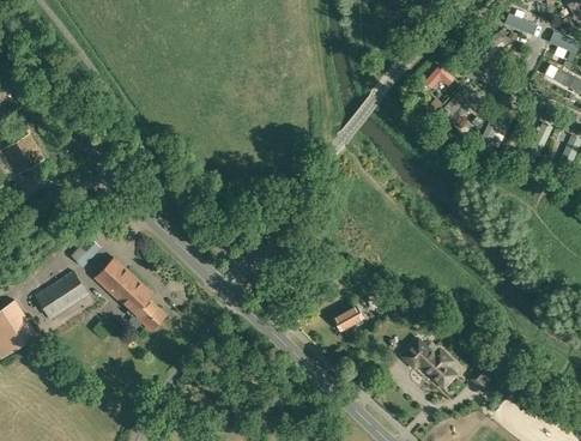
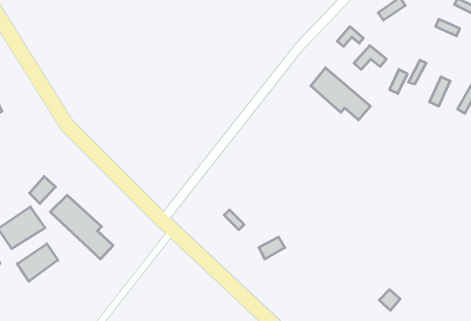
building: none -> [311,68,370,120]
building: none -> [17,244,58,281]
building: [401,339,456,388] -> none

